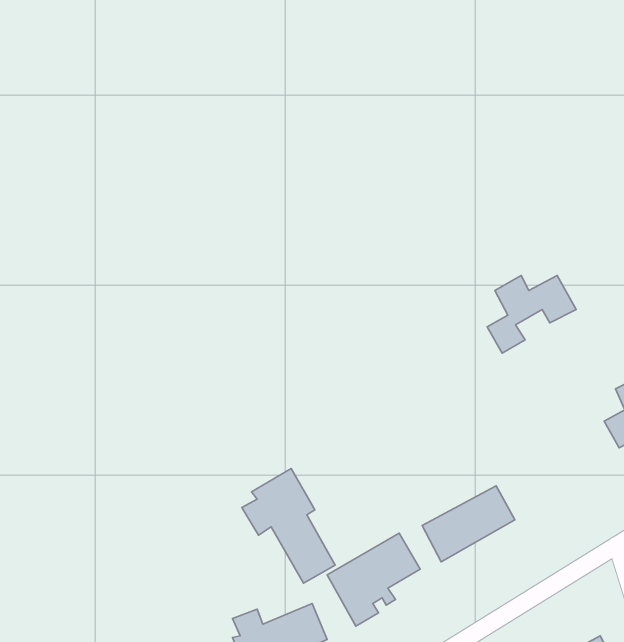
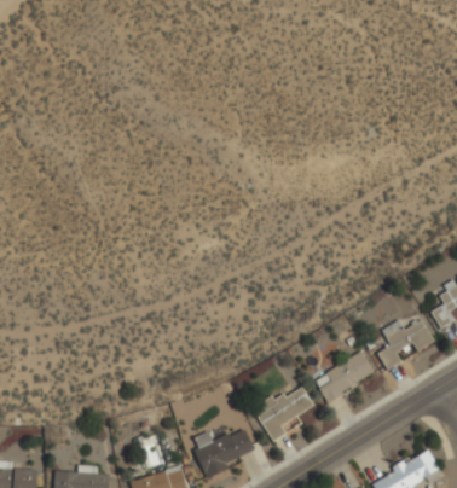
building: [487,275,576,353] -> [378,320,435,370]
building: [242,469,335,583] -> none

